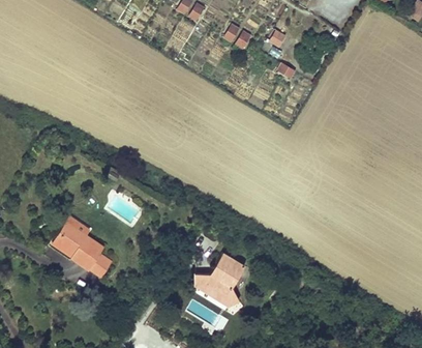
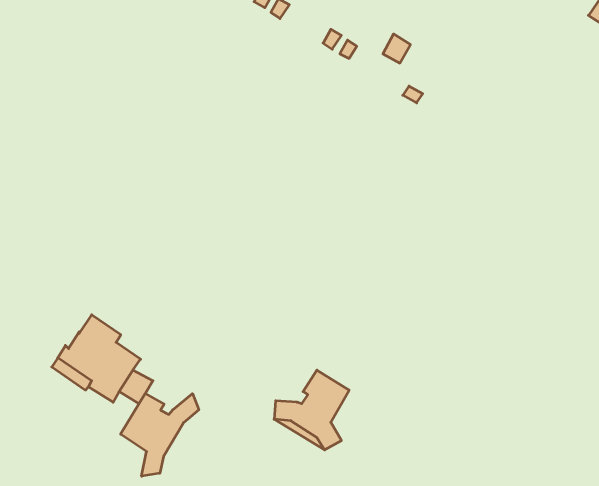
building: none -> [121,393,199,476]

